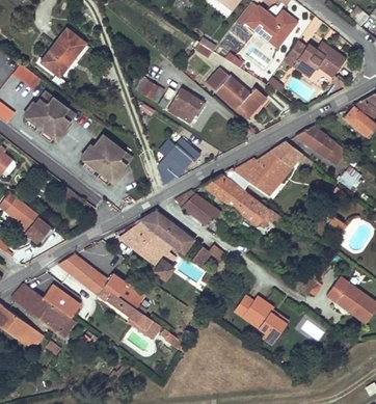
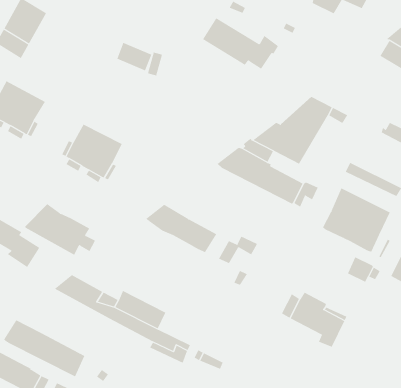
building: [167,88,205,123] -> none
building: [295,126,346,164] -> none
building: [156,138,200,184] -> none
building: [174,190,229,232] -> none
building: none -> [322,187,391,252]
building: [120,221,176,266] -> [25,204,96,256]
building: [43,285,80,318] -> none

